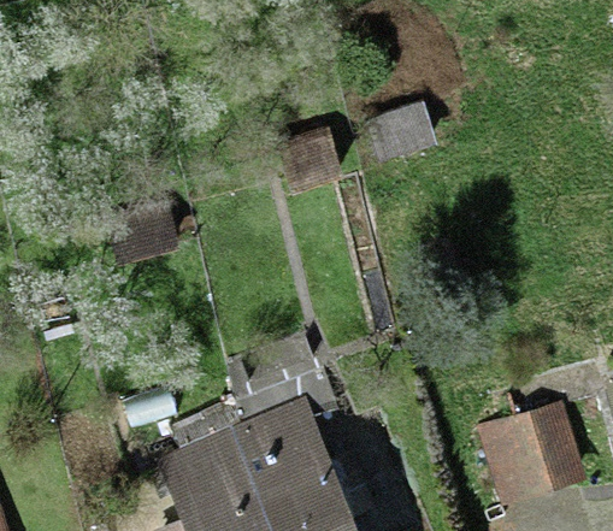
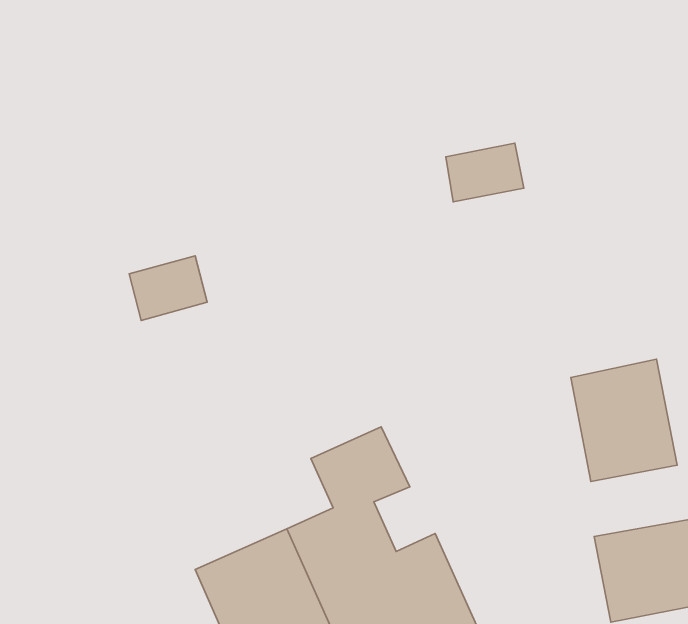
building: none -> [571,359,677,482]

